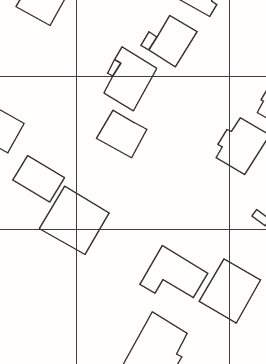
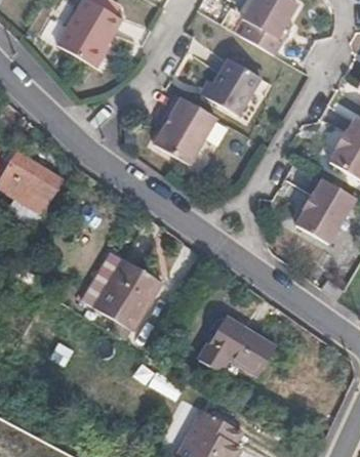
building: [96,110,147,158] -> none
building: [13,156,64,202] -> none
building: [199,259,261,323] -> none

